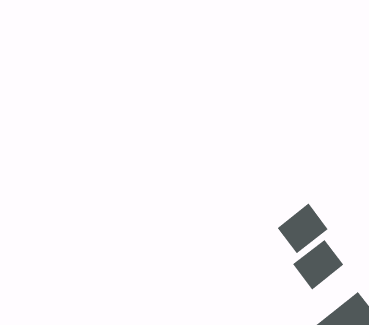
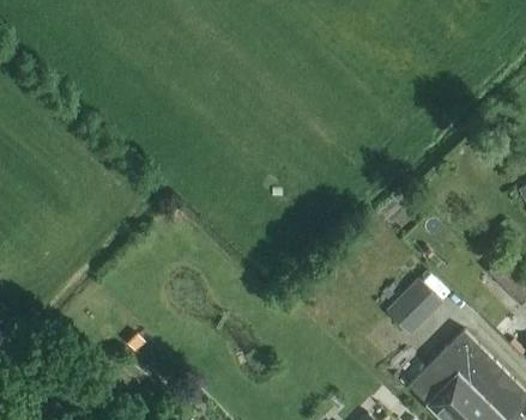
building: [277,202,328,254] -> none

